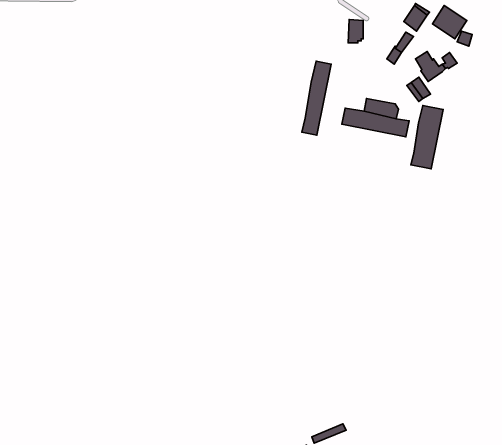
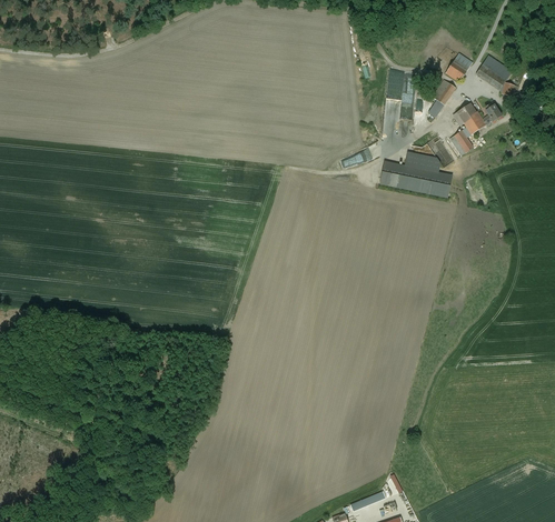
building: [302,61,331,135] -> none
building: [411,105,443,169] -> none

